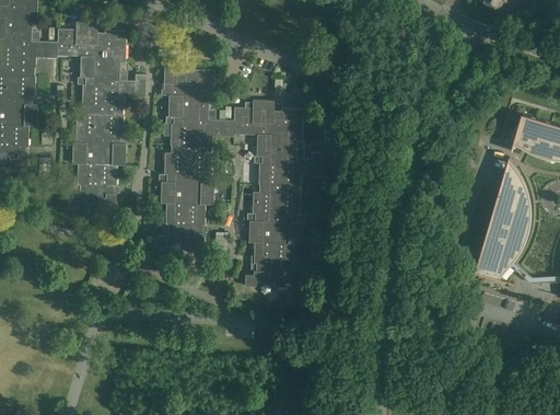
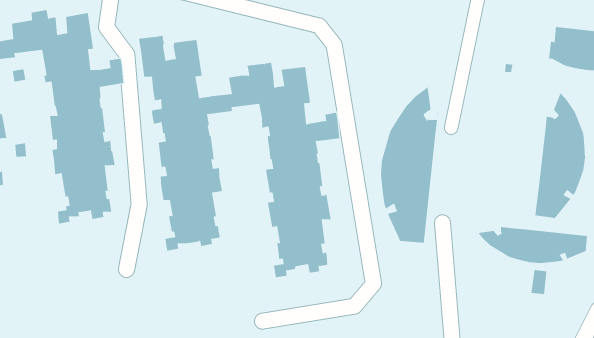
building: none -> [381,86,439,244]
building: none -> [477,225,588,264]

